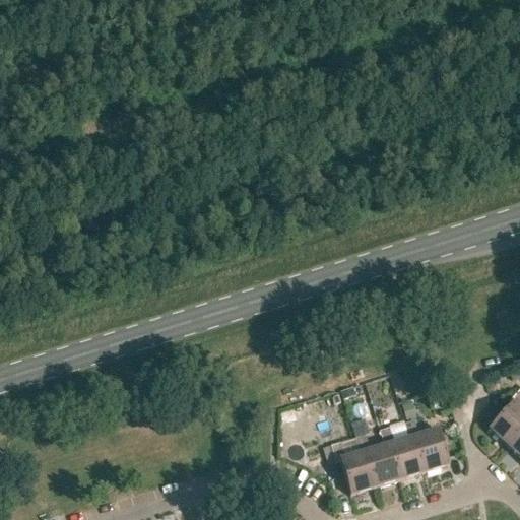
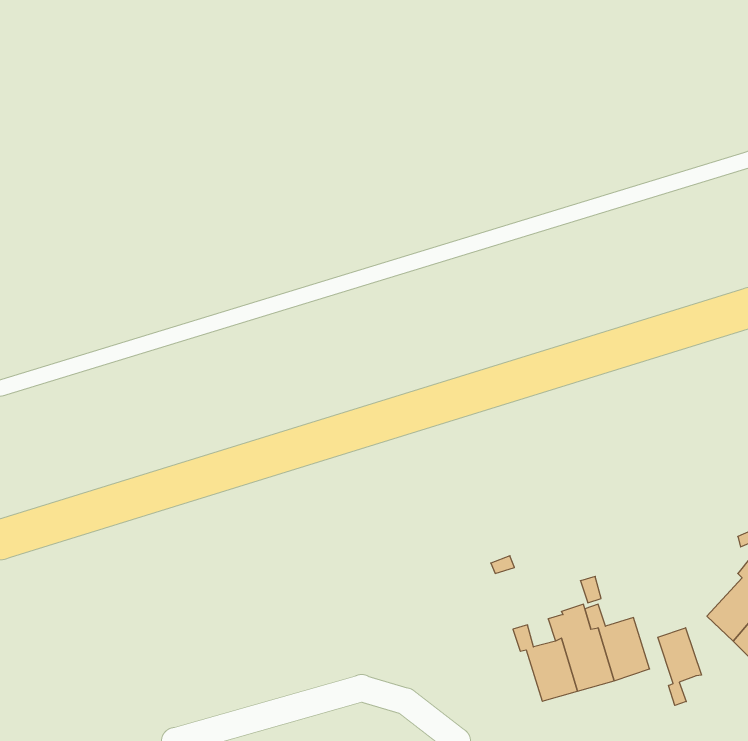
building: none -> [658,628,701,705]
building: [332,440,377,493] -> none

